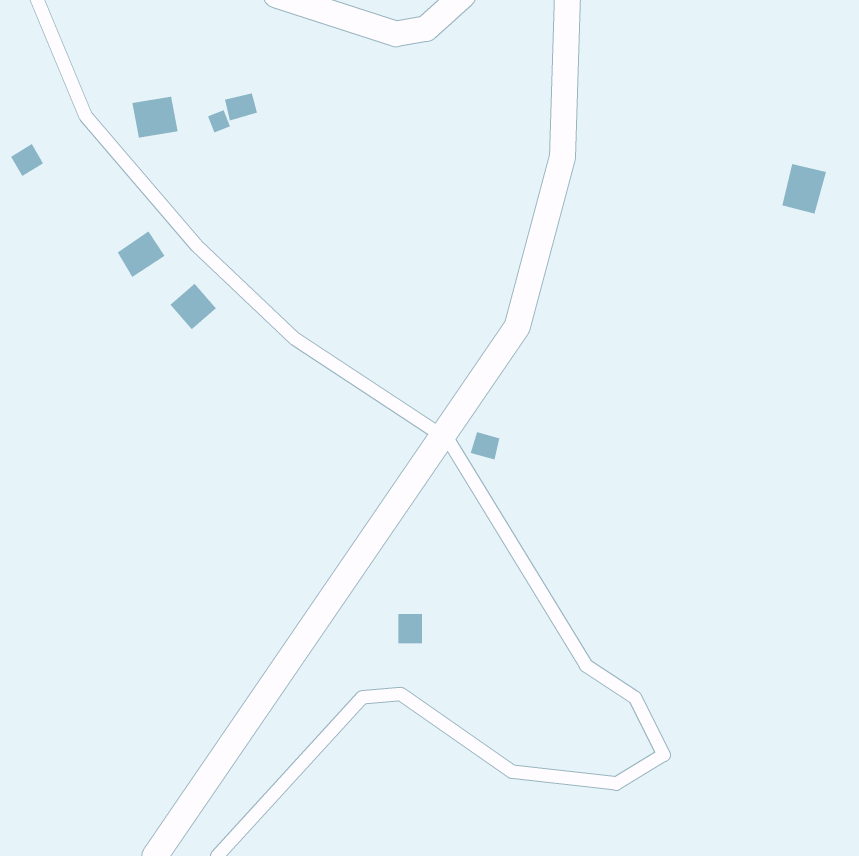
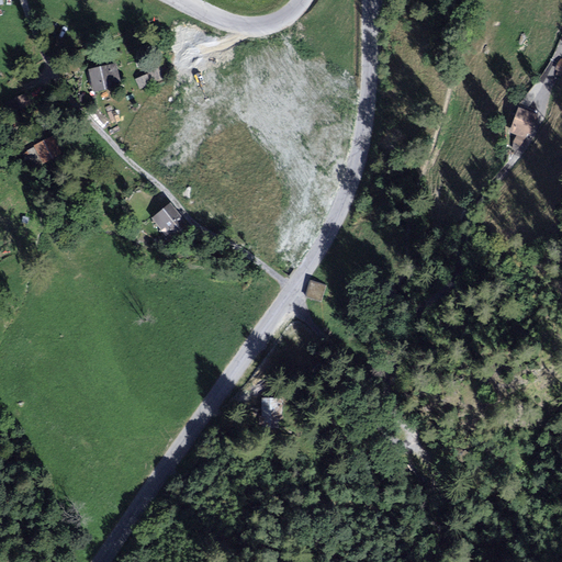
building: [117,231,166,278] -> [26,136,58,167]
building: [170,283,217,330] -> [151,203,182,234]

